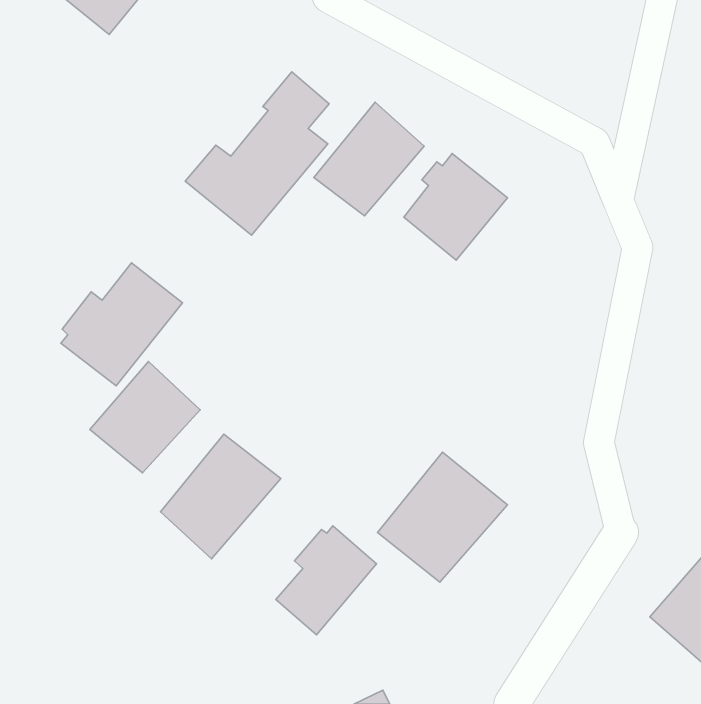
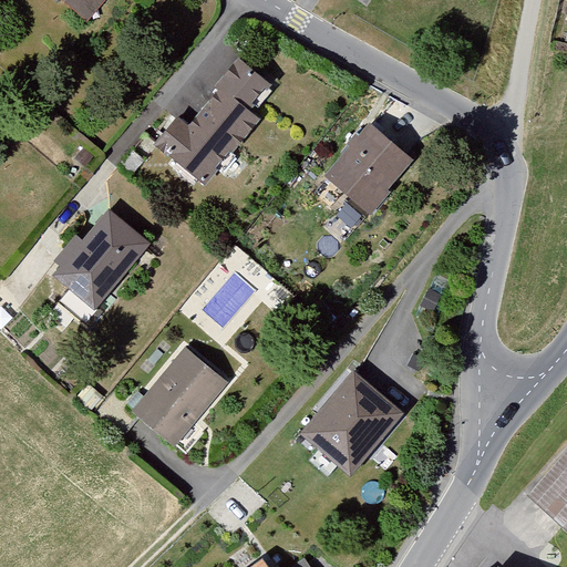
building: [314,102,424,216] -> none
building: [90,361,200,473] -> none
building: [276,526,376,635] -> none

